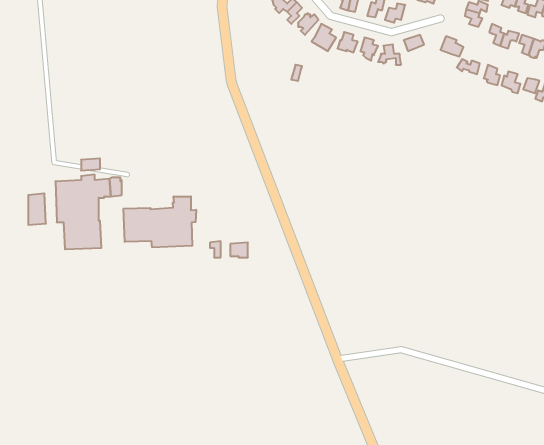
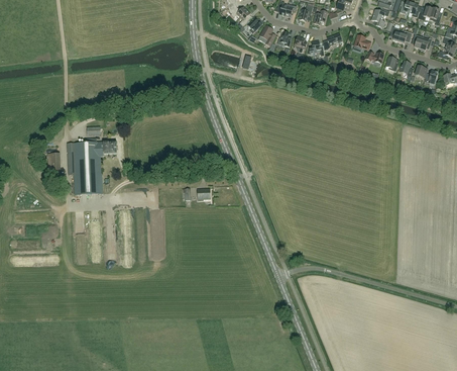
building: [124,196,196,247] -> none

